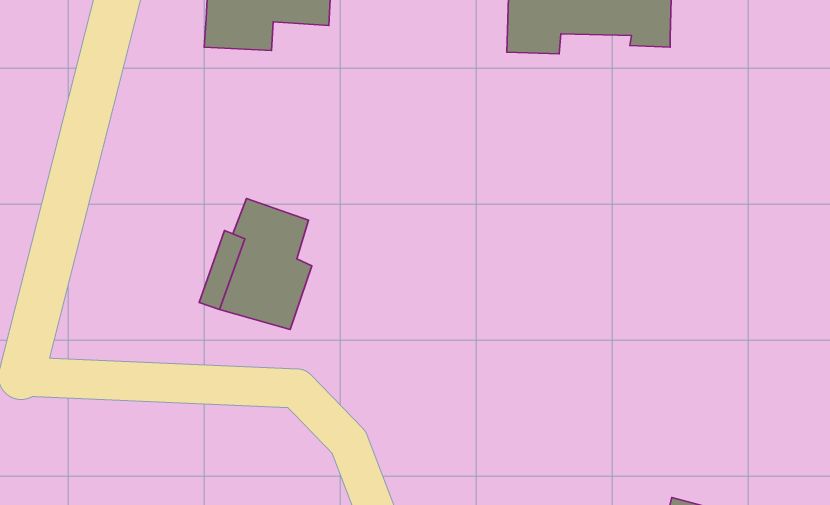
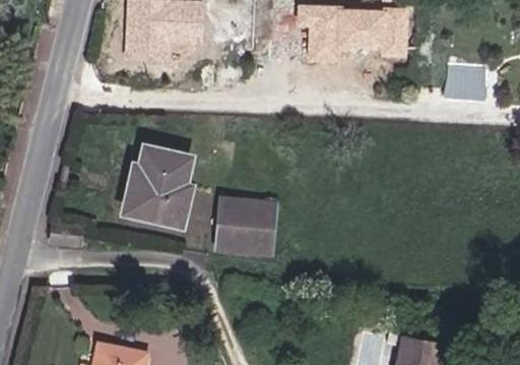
building: none -> [447,60,484,99]
building: none -> [214,197,276,254]

